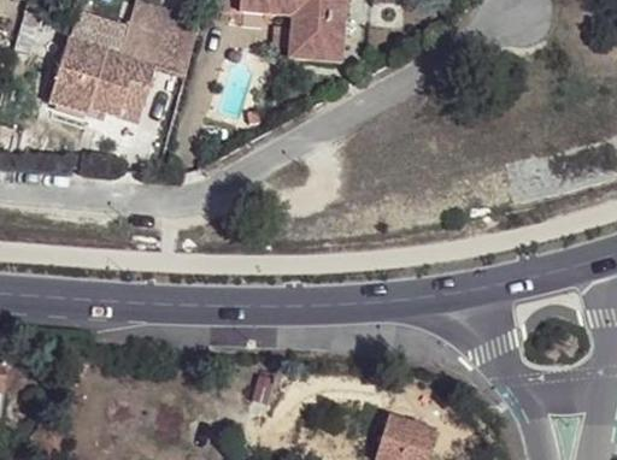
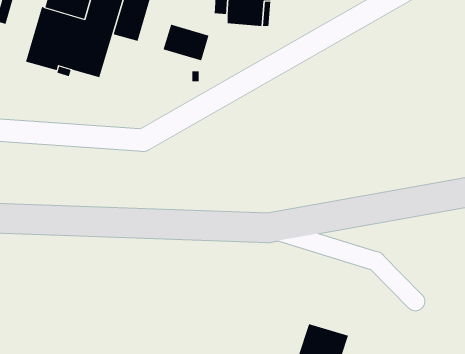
building: none -> [163,24,209,61]

